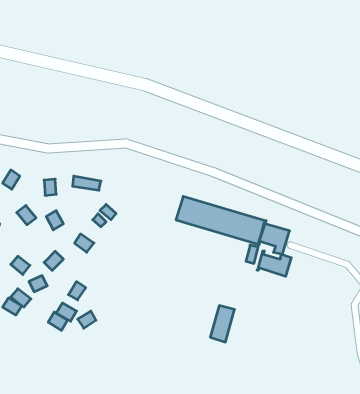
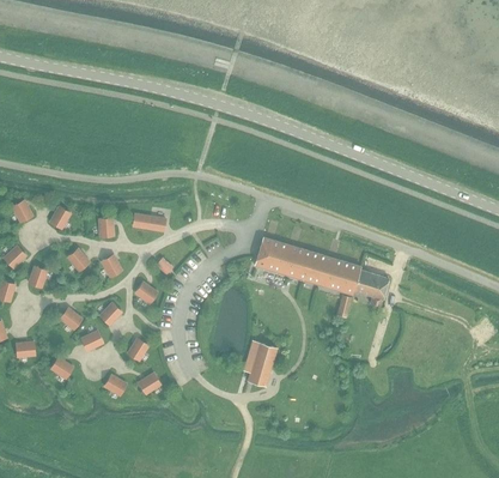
building: [257,251,291,276] -> none
building: [210,306,235,342] -> [248,344,276,387]

